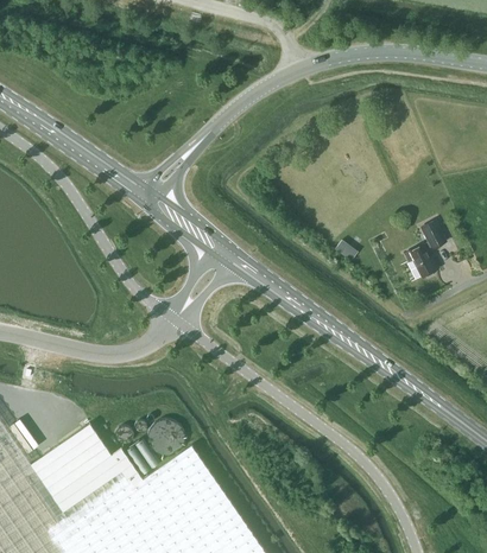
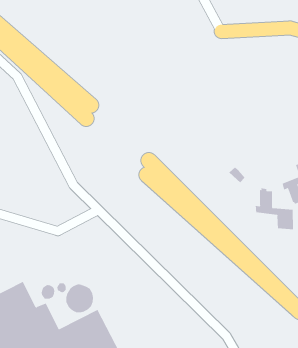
building: none -> [255,187,293,230]

